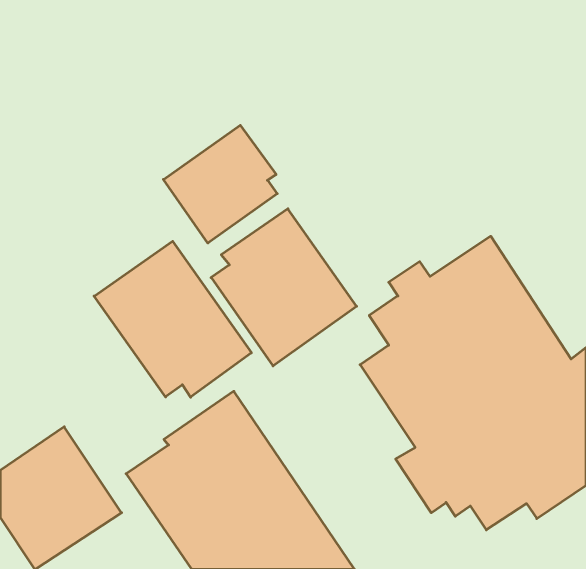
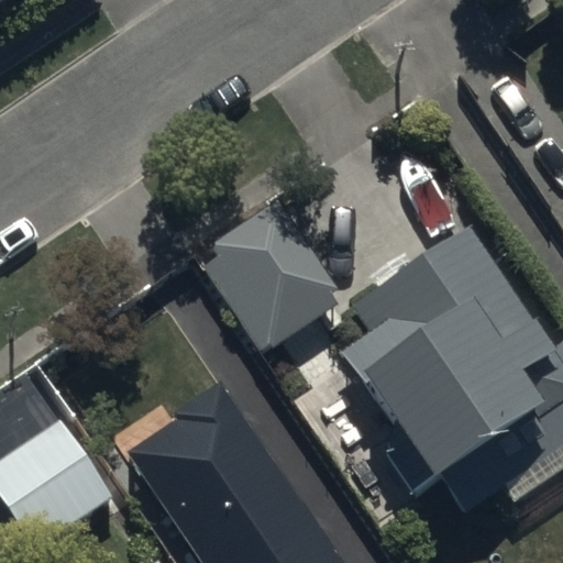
building: [163,125,277,243] -> none
building: [94,241,251,397] -> none

